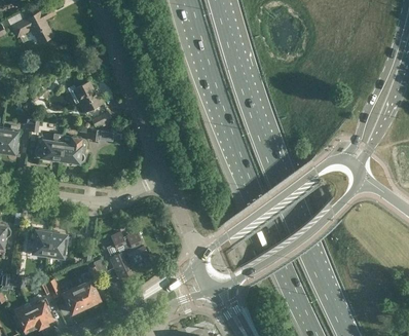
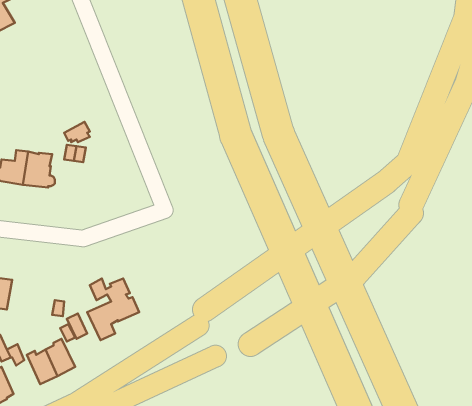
building: [67,81,102,112] -> none
building: [46,233,70,258] -> none

